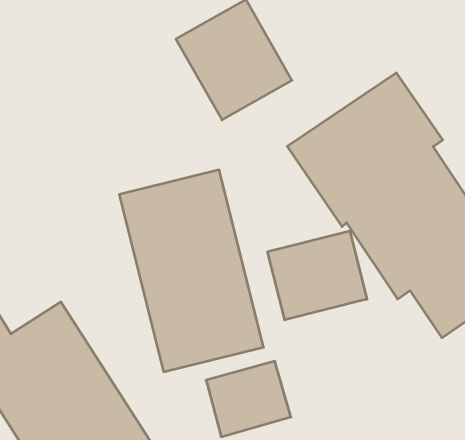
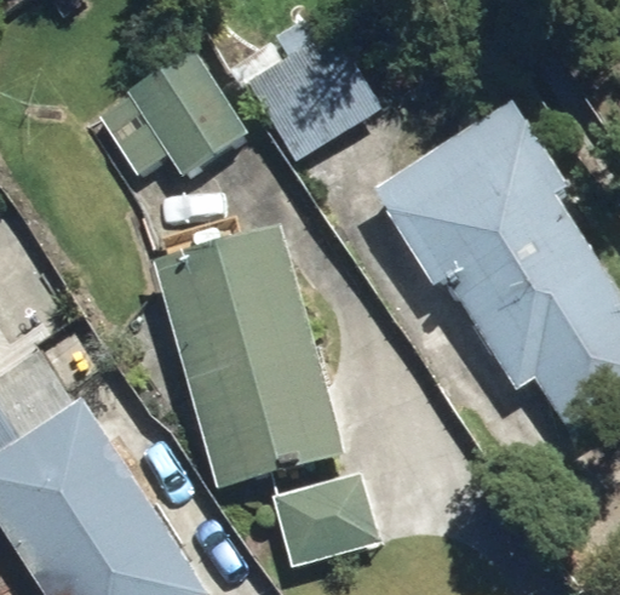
building: none -> [91,47,248,177]
building: [268,231,367,320] -> none

